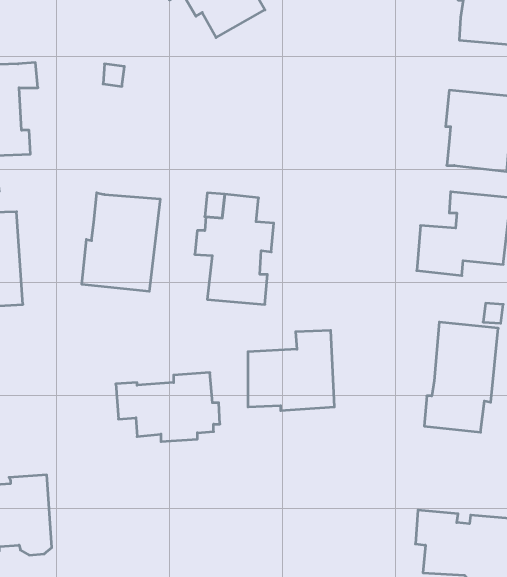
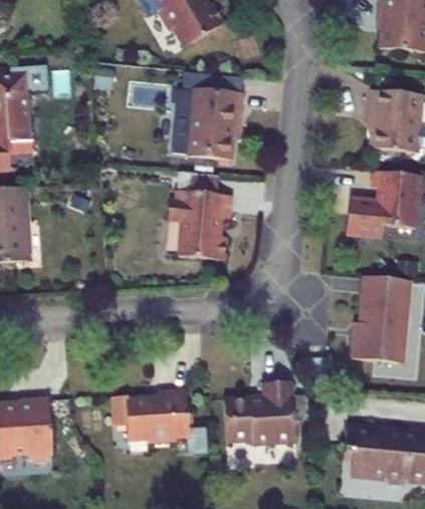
building: none -> [172,87,243,160]
building: [82,193,160,291] -> none
building: [248,330,334,411] -> [225,380,294,445]
building: [116,373,220,442] -> [111,388,194,443]

